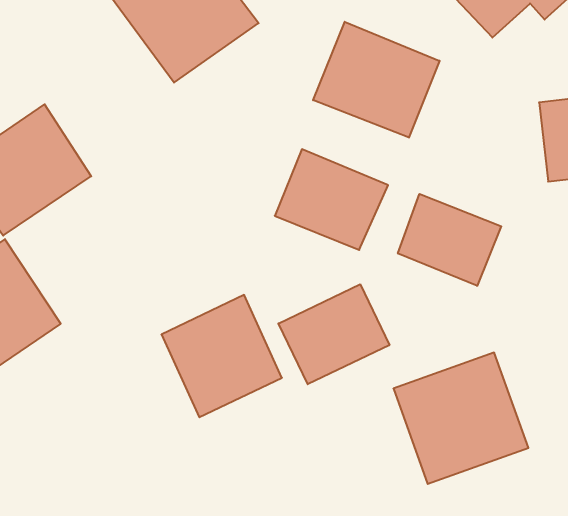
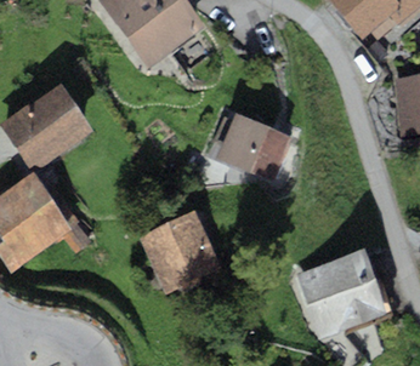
building: [313,22,440,138] -> none
building: [398,194,501,286] -> none
building: [278,284,389,384] -> none

